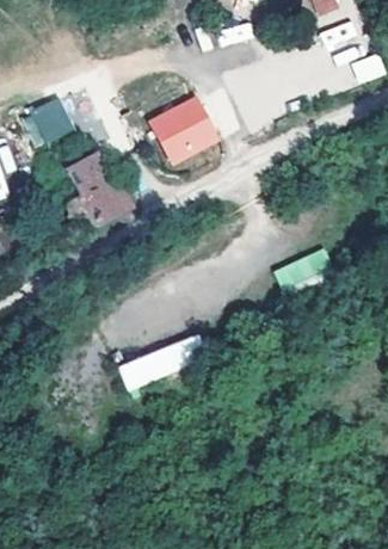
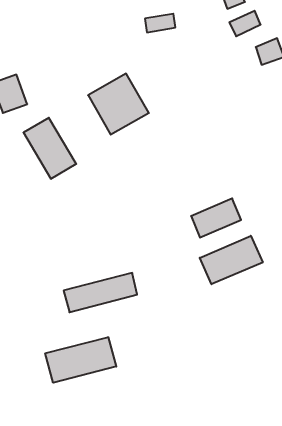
building: none -> [200,236,263,284]
building: none -> [45,337,116,383]

